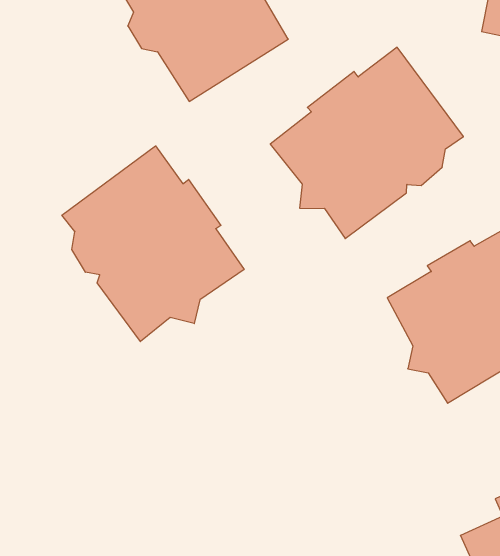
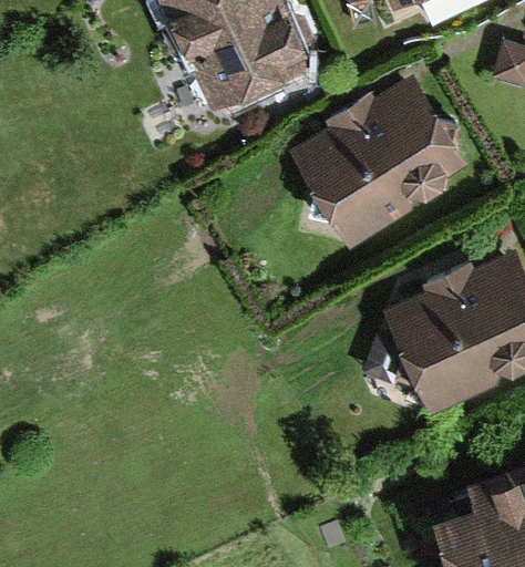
building: [62,146,244,342] -> none

